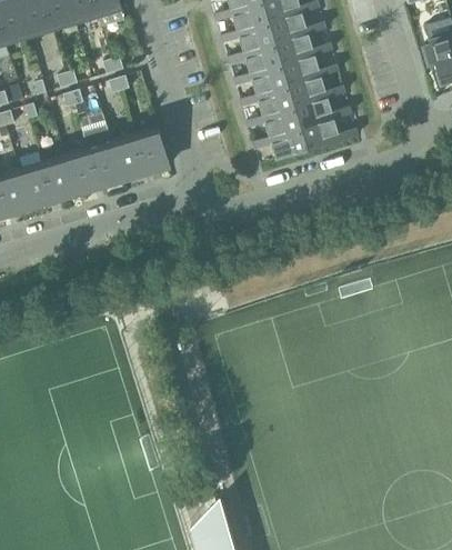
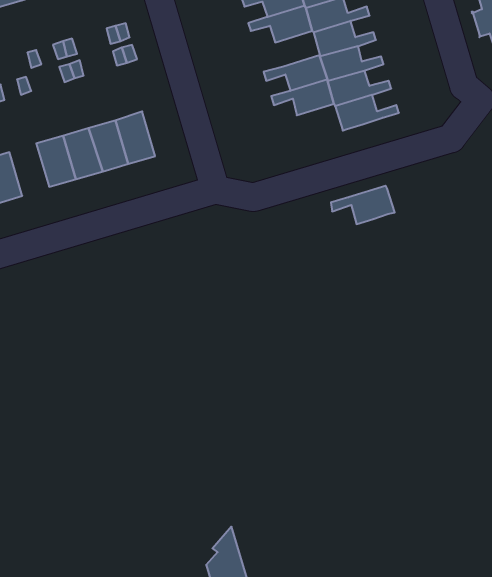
building: [233,63,289,94] -> none
building: [134,127,169,172] -> none
building: [253,127,309,160] -> [331,186,395,224]
building: [19,161,53,207] -> none

